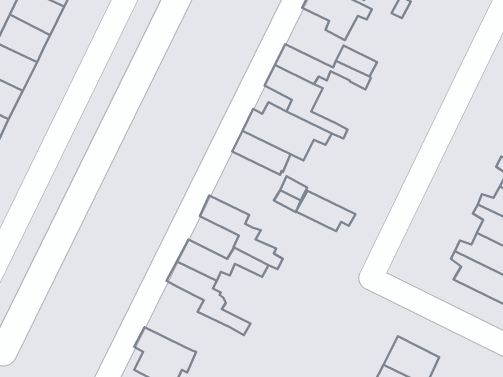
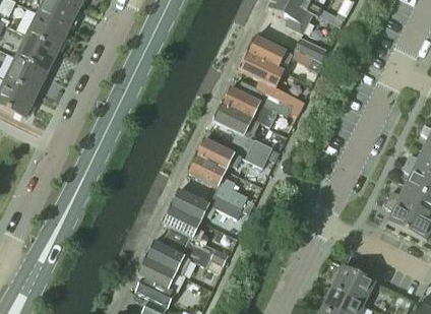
building: [296,191,355,231] -> [194,138,241,170]
building: none -> [143,241,210,276]

